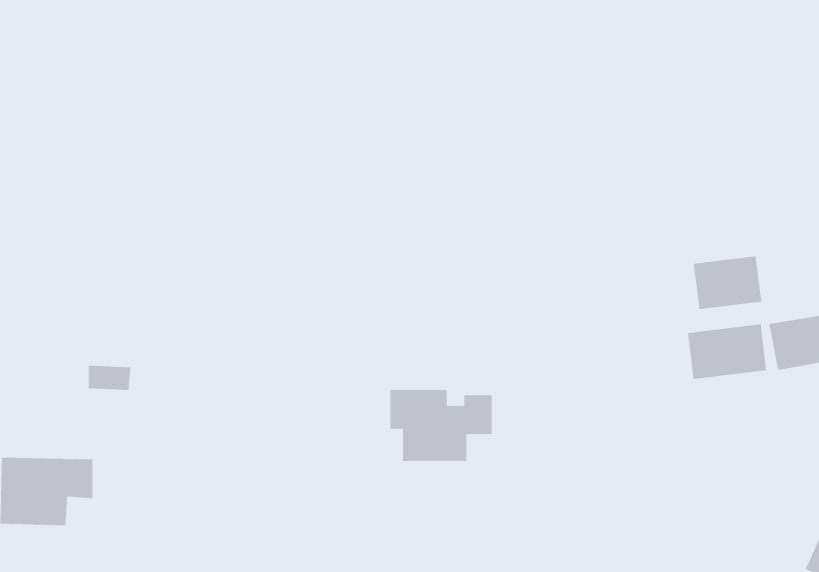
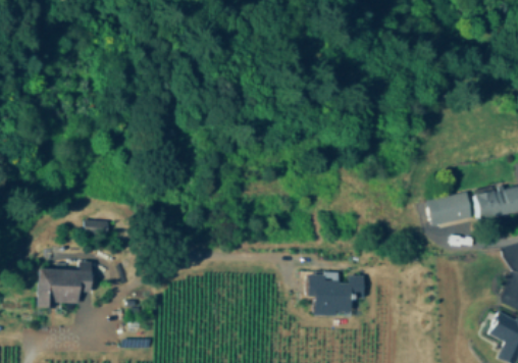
building: [693,255,762,310] -> none
building: [390,389,493,462] -> [308,270,366,311]

